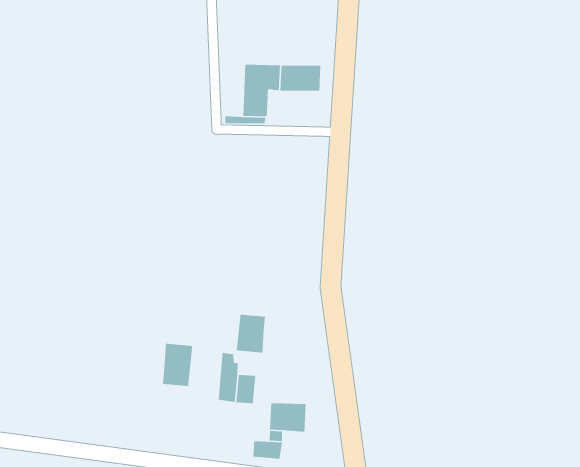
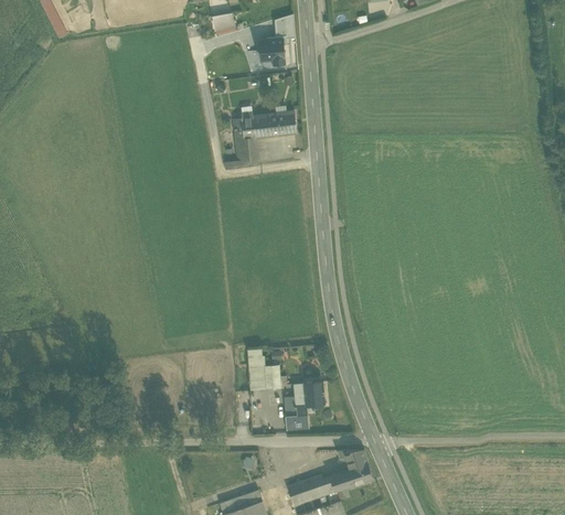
building: [236,314,266,353] -> none
building: [162,343,193,387] -> none

